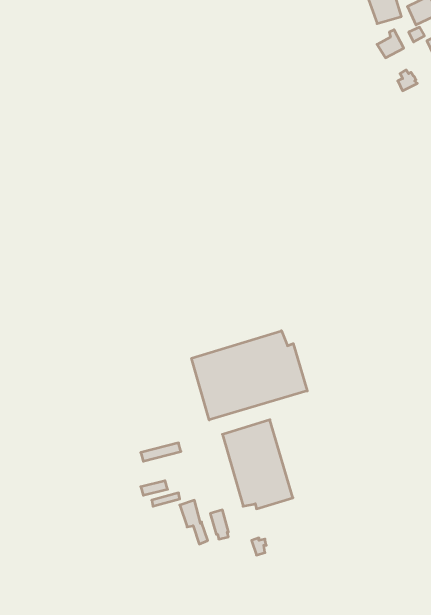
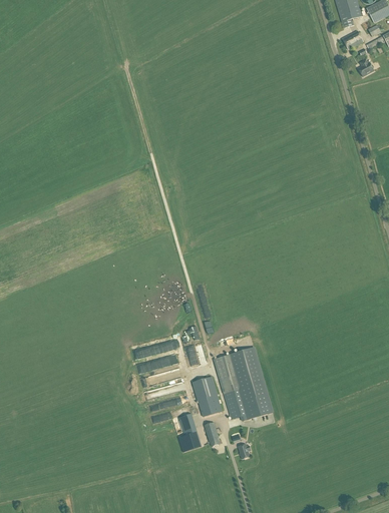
building: [192,331,307,420] -> none
building: none -> [192,375,221,415]

